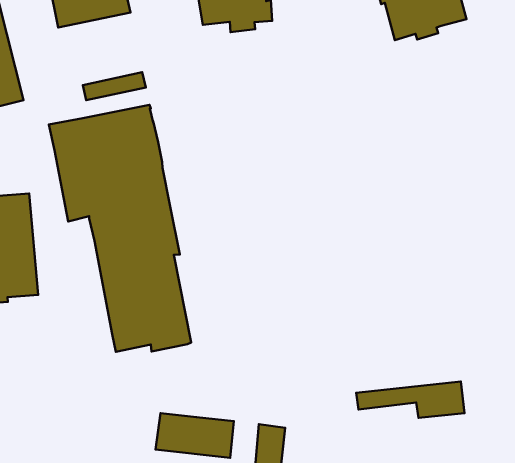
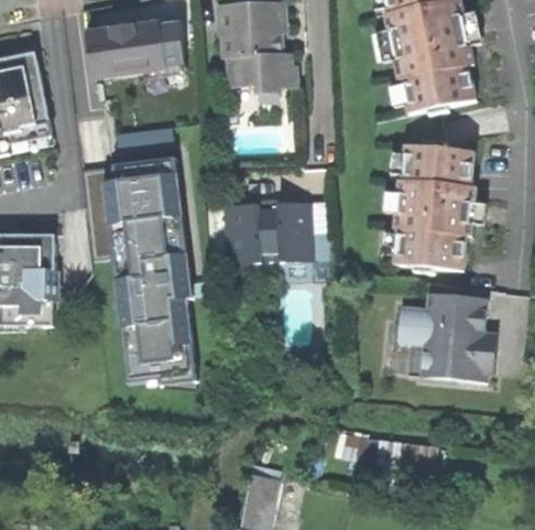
building: none -> [392,139,474,271]
building: none -> [227,203,313,264]
building: none -> [397,294,495,382]
building: [156,413,234,458] -> none

